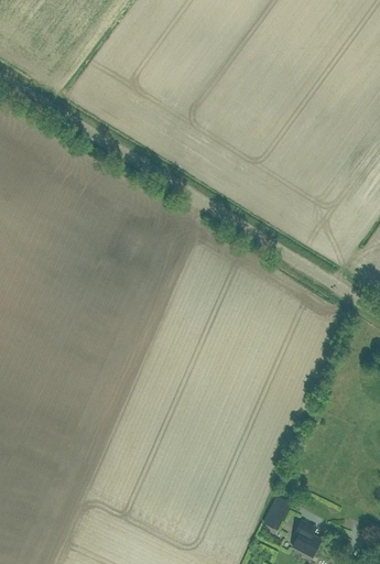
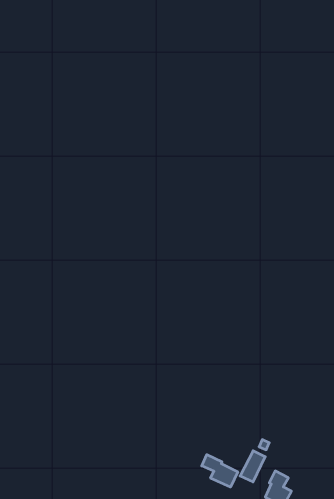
building: none -> [202,455,238,487]

